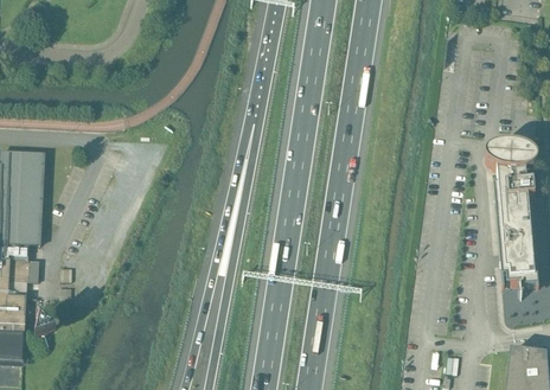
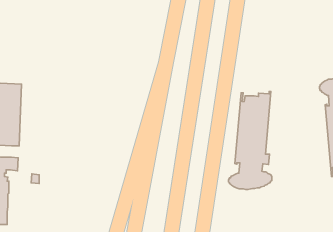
building: none -> [228,92,272,190]

